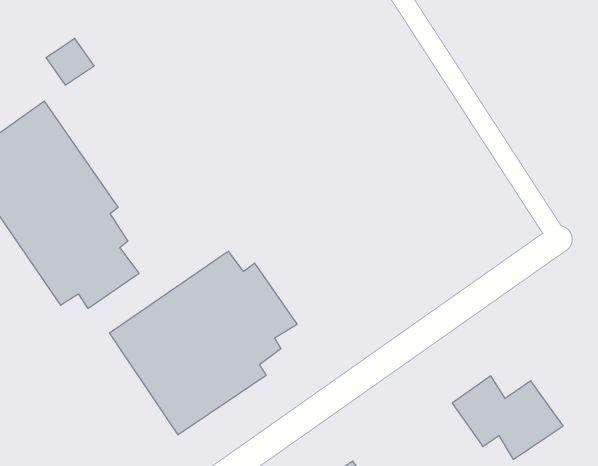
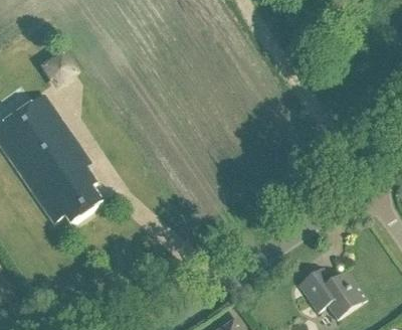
building: [110,251,297,435] -> none

